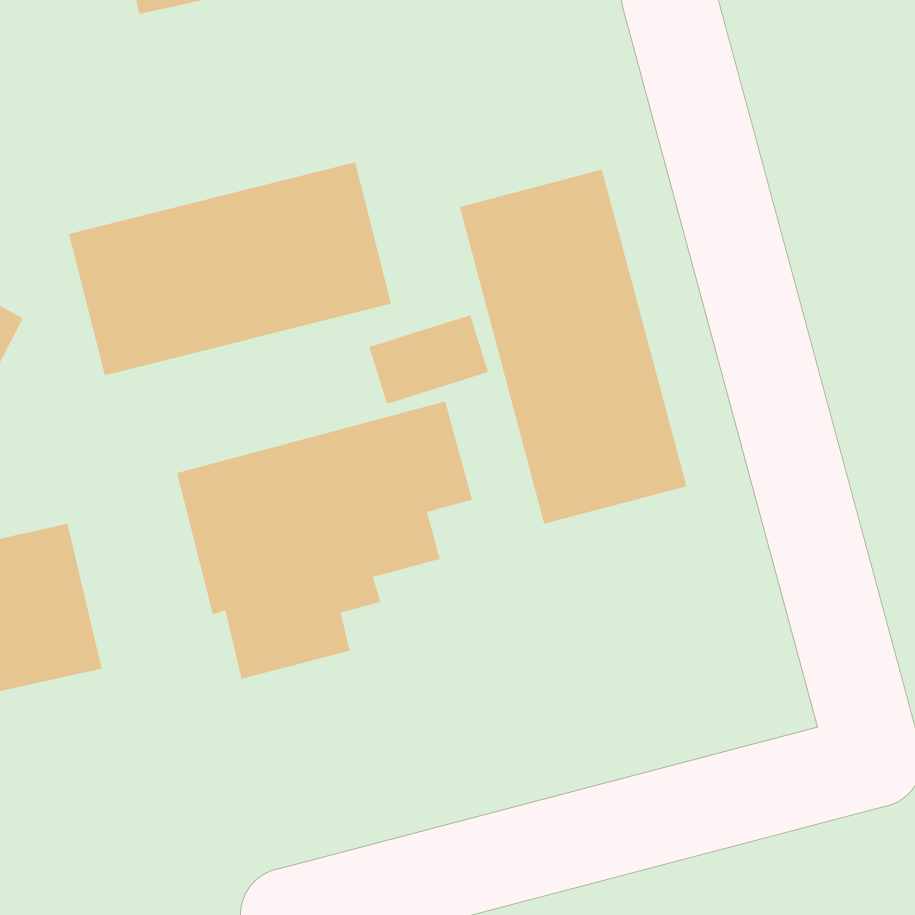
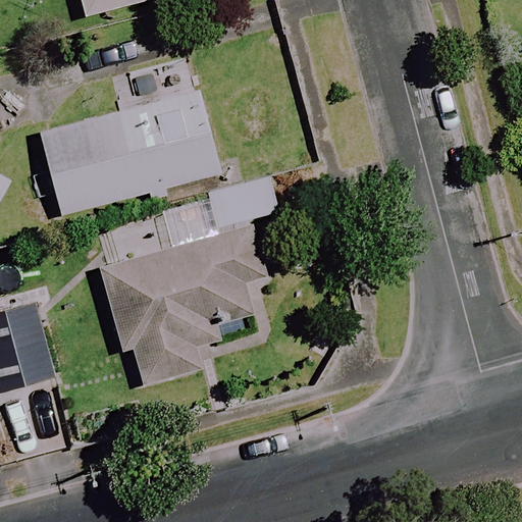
building: [459,169,687,524] -> none

